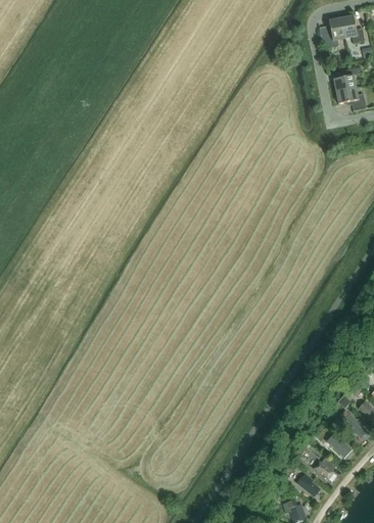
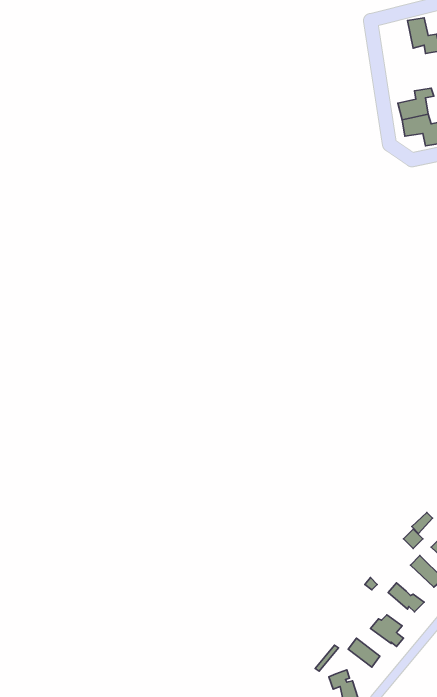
building: [321,17,344,48] -> none

